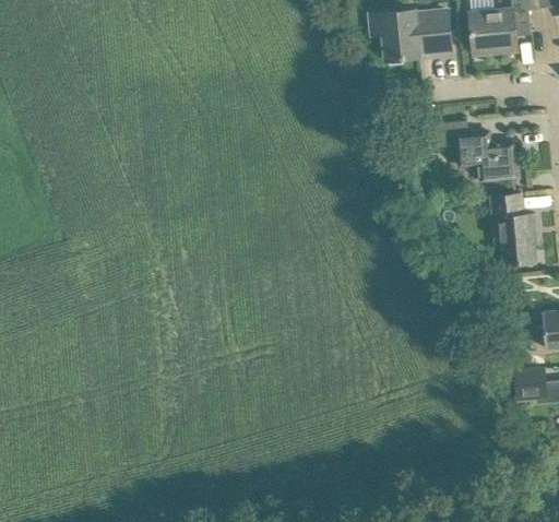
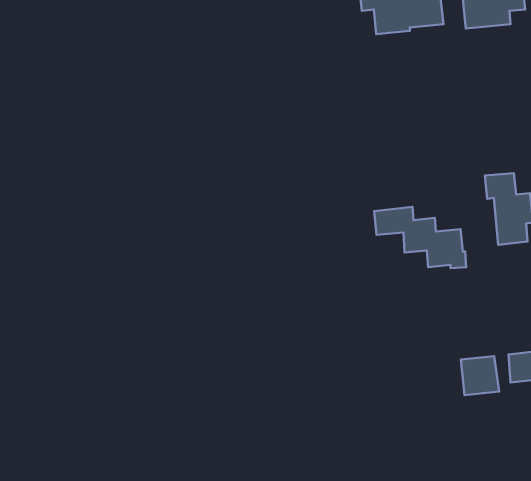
building: [430,120,520,180] -> [374,207,466,268]
building: none -> [461,356,499,395]

